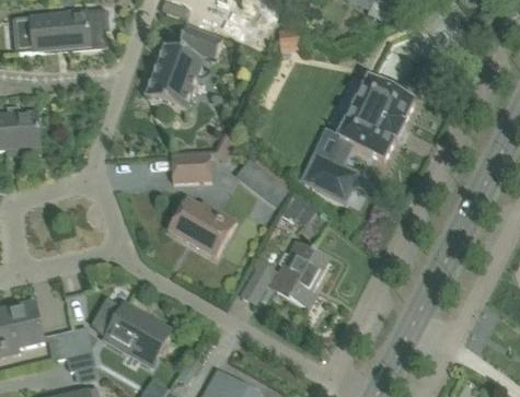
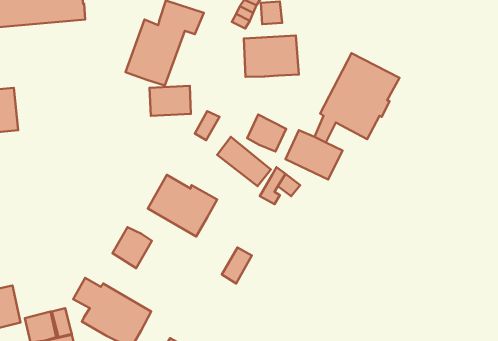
building: none -> [244,36,299,77]
building: none -> [247,115,286,151]
building: [170,152,210,182] -> [150,86,191,116]
building: [268,240,328,306] -> none
building: none -> [113,227,152,268]

